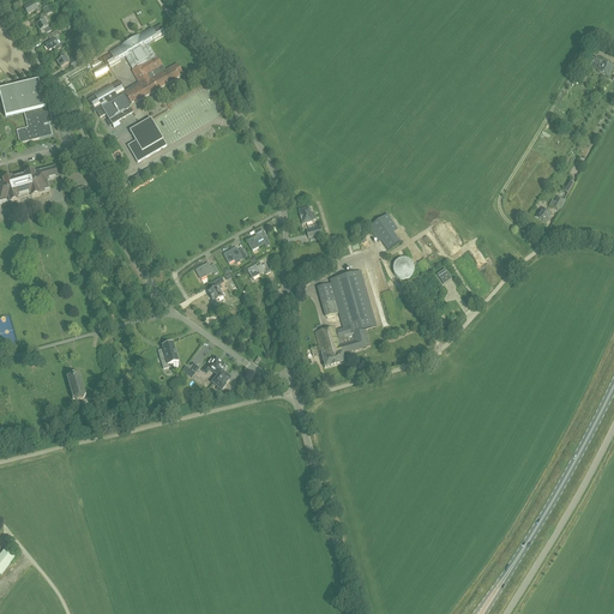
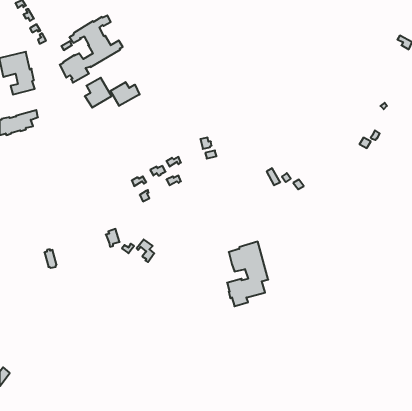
building: none -> [111,82,140,106]
building: [367,211,399,247] -> none
building: [313,269,374,365] -> [227,242,268,306]

